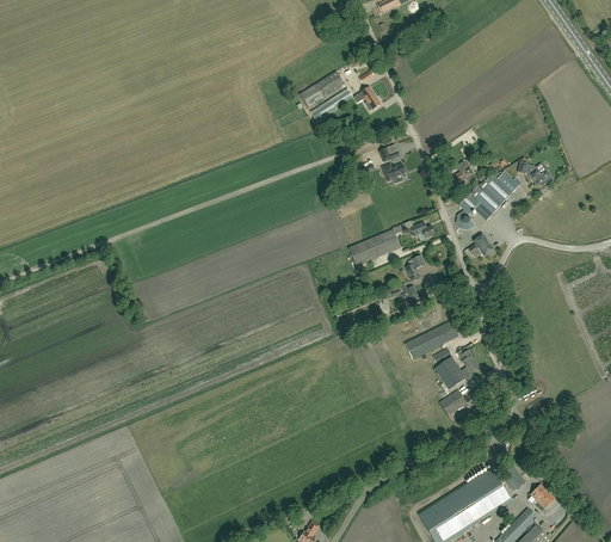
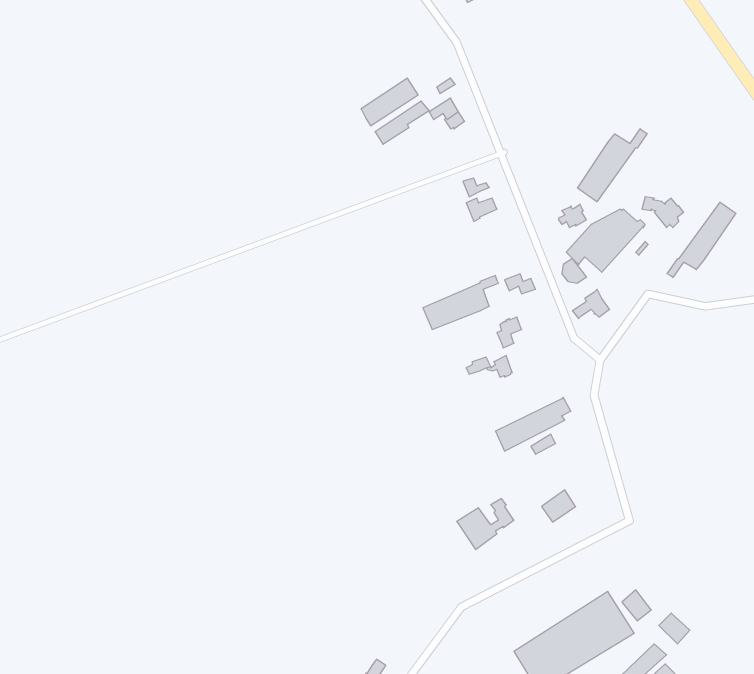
building: none -> [578,129,647,202]
building: none -> [667,202,736,277]
building: [434,350,479,389] -> [457,499,514,549]

